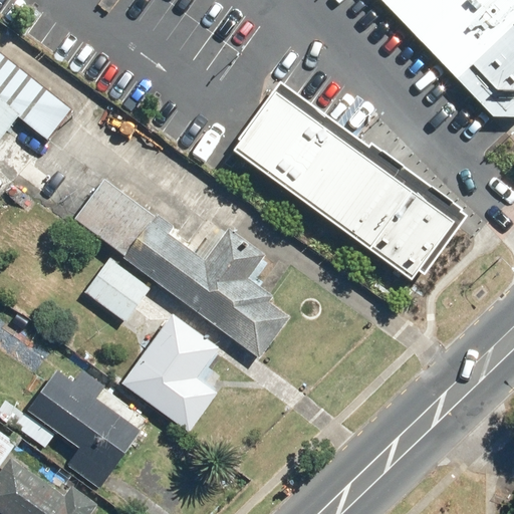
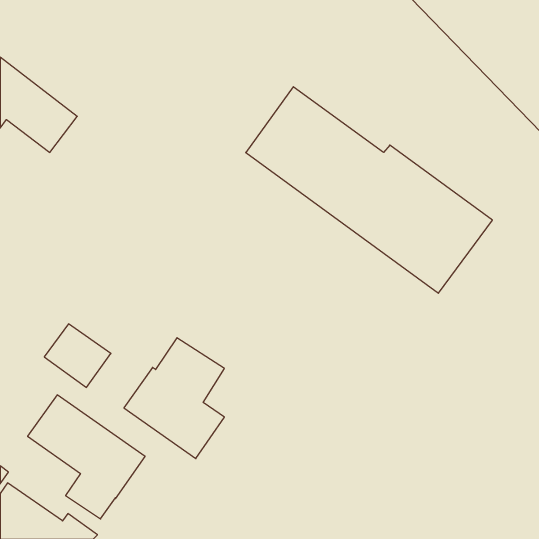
building: [67,179,280,355] -> none
building: [84,260,148,320] -> [44,324,111,387]

